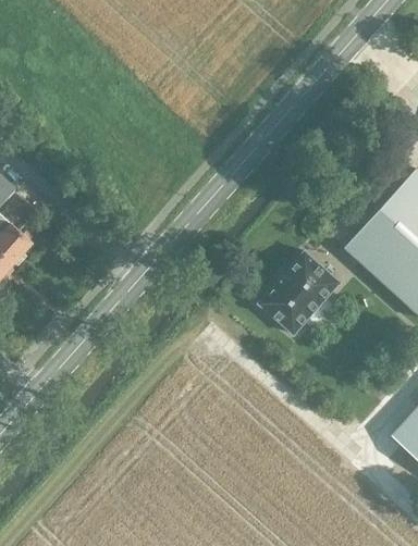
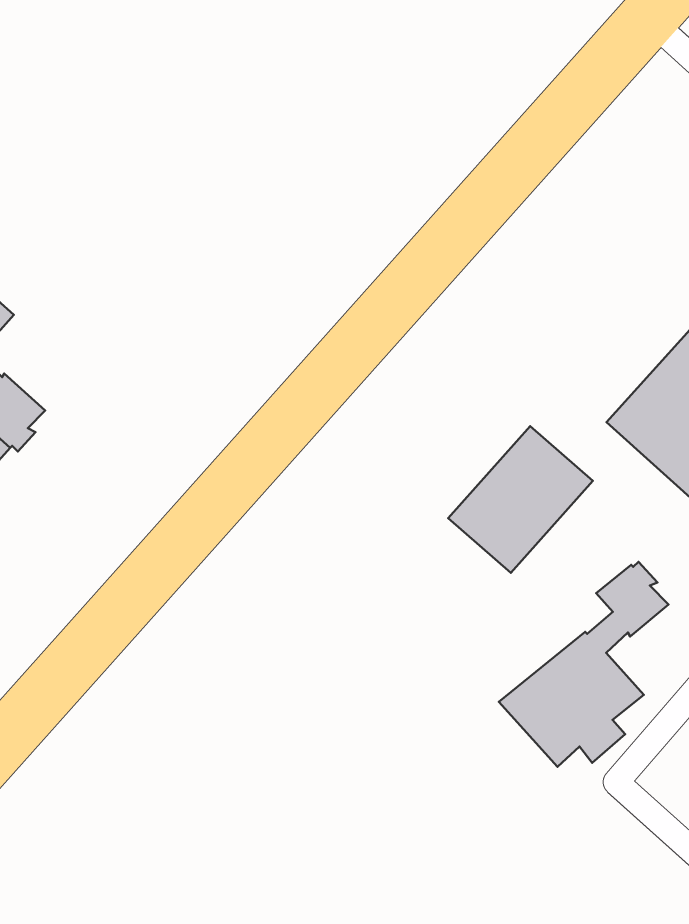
building: none -> [499,562,669,767]

